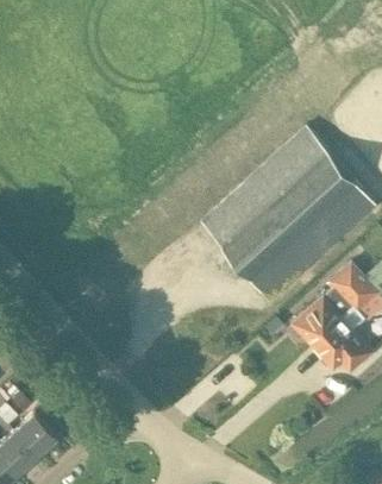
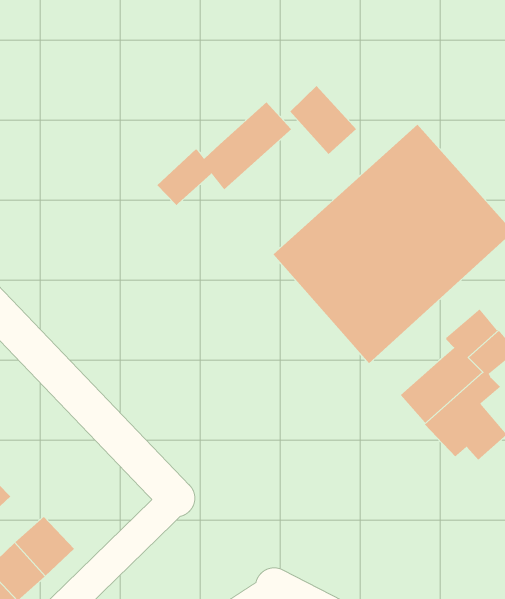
building: none -> [290,85,357,155]
building: none -> [156,101,293,207]

